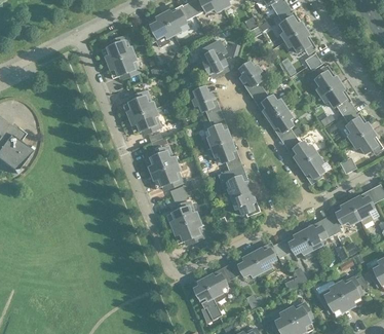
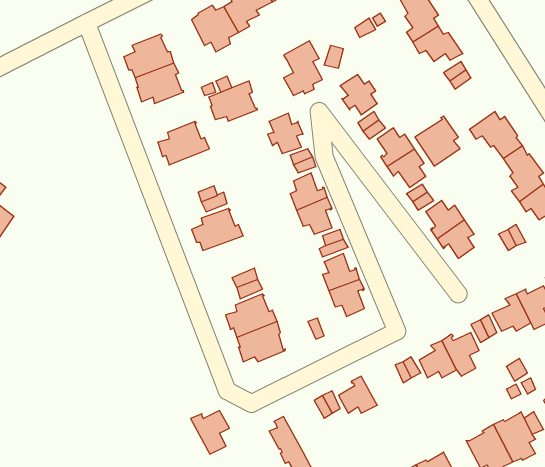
building: [308,64,337,96] -> [415,116,460,166]
building: [129,108,160,134] -> [209,81,257,121]
building: [151,163,182,189] -> none
building: [252,248,276,276] -> none
building: [202,273,227,301] -> [191,411,229,454]

